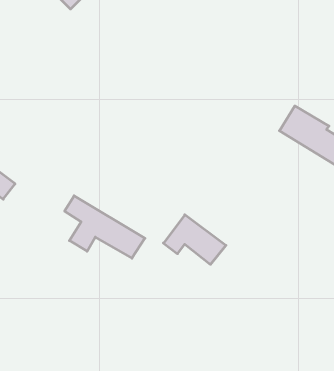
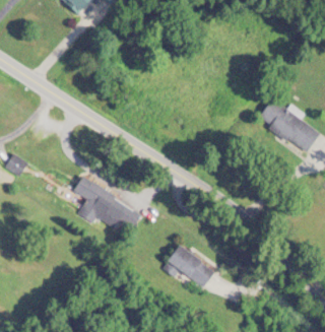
building: [163,215,226,264] -> [162,244,216,286]

